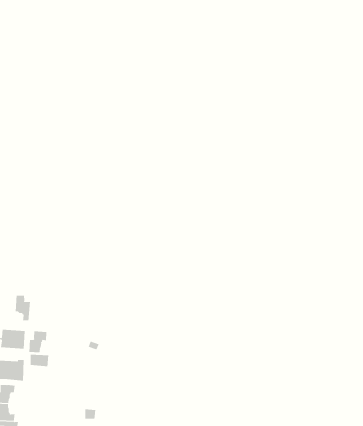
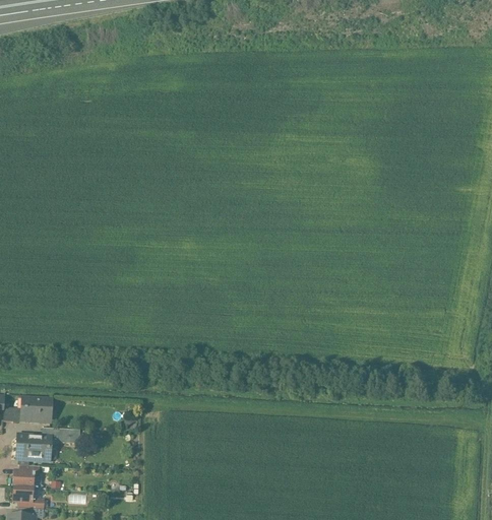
building: [15,295,30,321] -> none
building: [29,330,47,353] -> none

